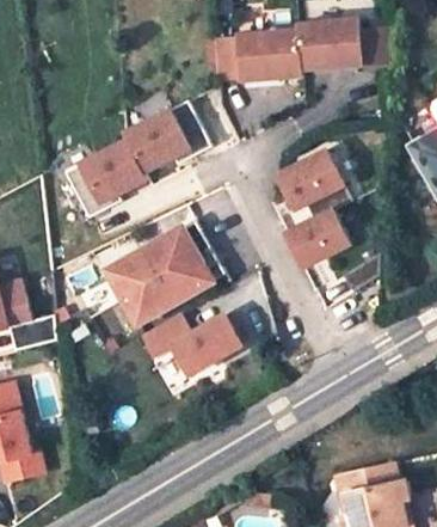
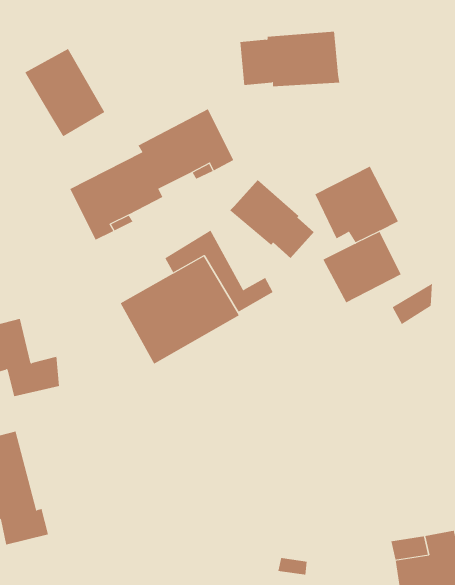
building: [295,23,386,71] -> none
building: none -> [25,48,105,137]
building: none -> [229,179,314,259]
building: [141,313,242,374] -> none

